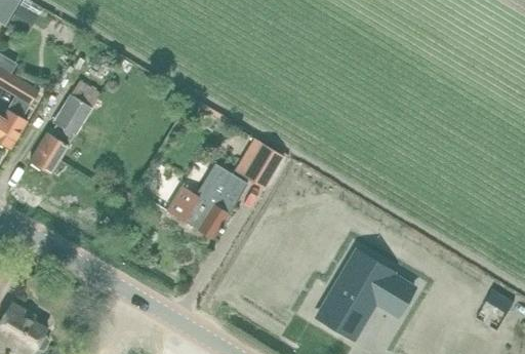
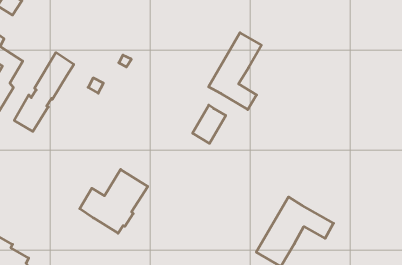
building: none -> [209,33,261,110]
building: [165,163,247,240] -> [80,169,148,233]

